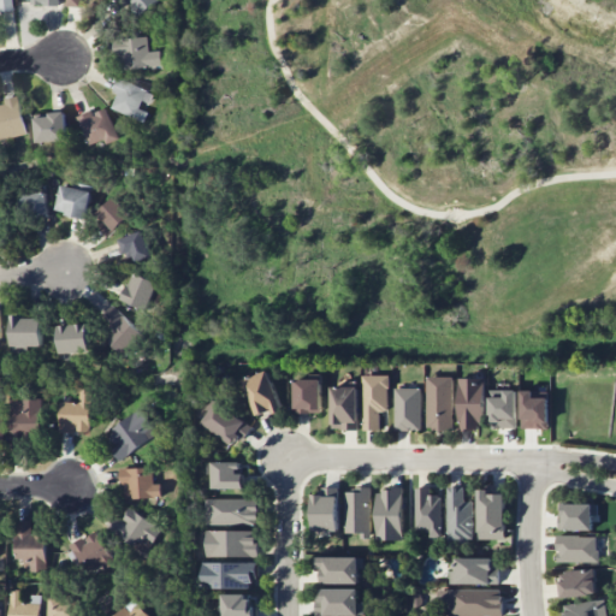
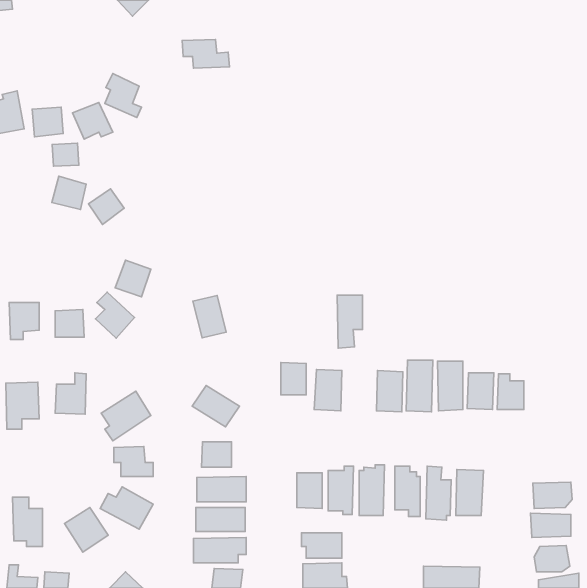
building: [112,37,161,67] -> [182,39,229,68]
building: [19,191,47,215] -> [52,143,79,166]
building: [118,230,152,262] -> none
building: [244,372,279,416] -> [193,295,226,338]
building: [361,375,387,431] -> [337,295,362,348]
building: [449,557,497,585] -> none

